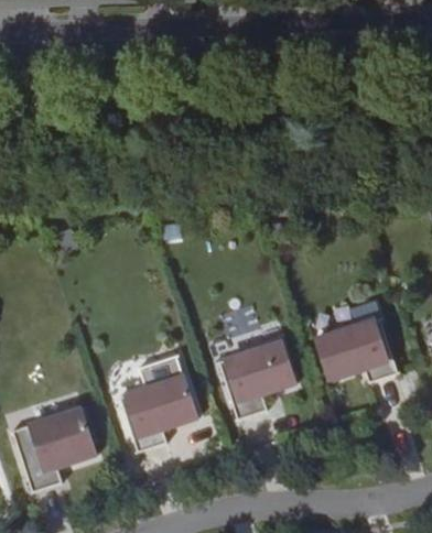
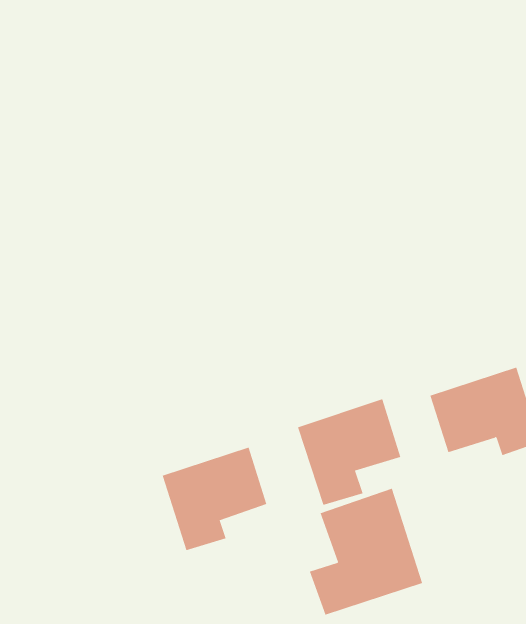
building: none -> [309,488,423,616]
building: [13,406,96,490] -> none

